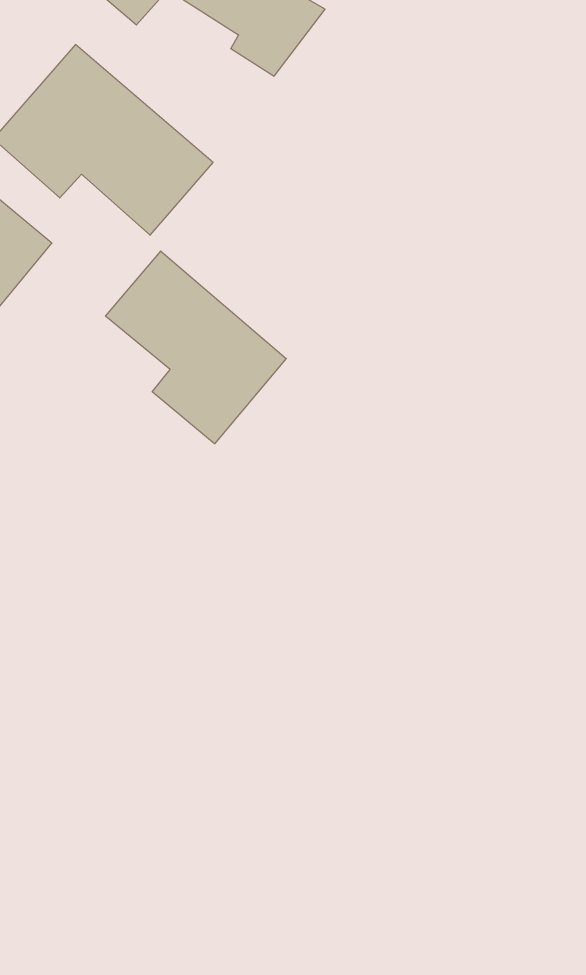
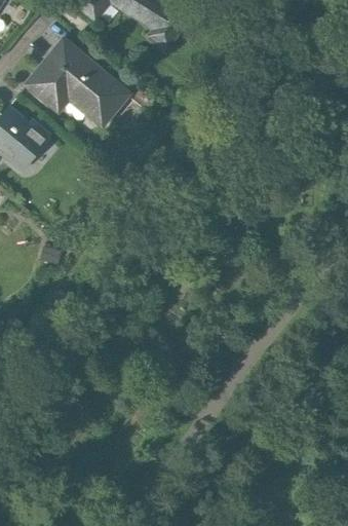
building: [106,251,286,444] -> none

